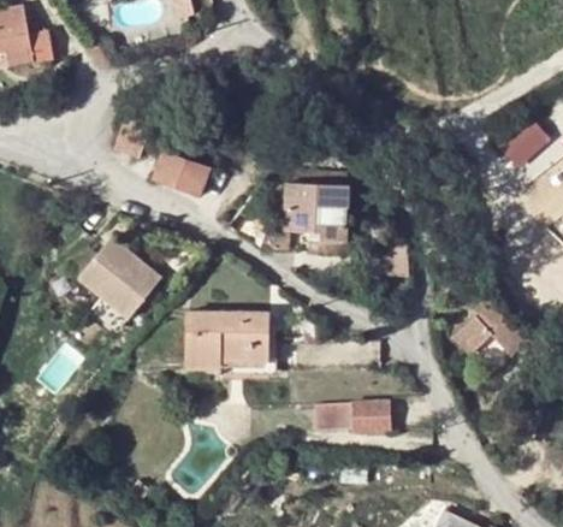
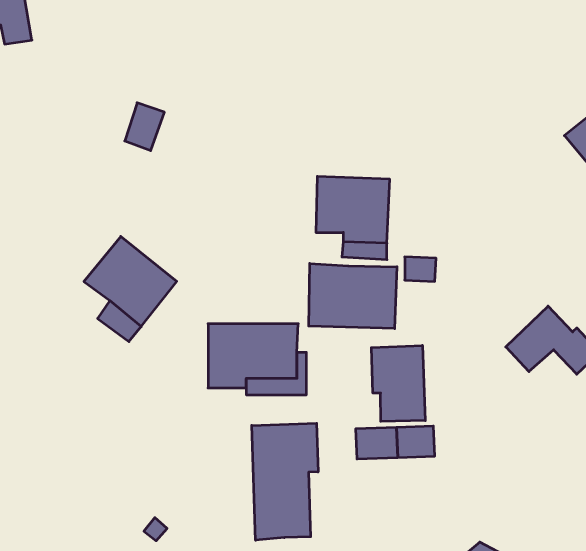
building: [153,149,213,197] -> none
building: none -> [309,263,397,329]
building: none -> [371,345,425,421]
building: none -> [252,423,318,540]

